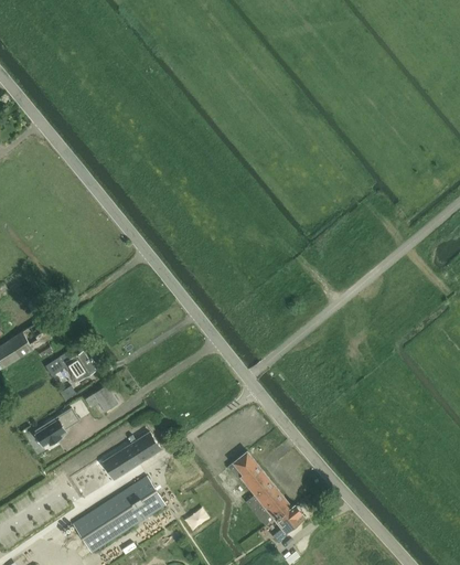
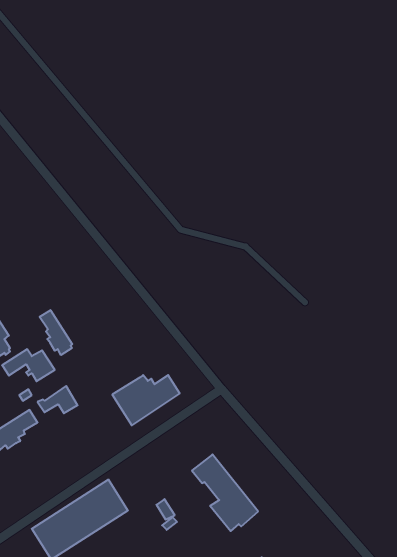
building: none -> [40,310,72,355]
building: [95,431,160,480] -> [112,375,180,425]
building: [272,504,304,542] -> none

